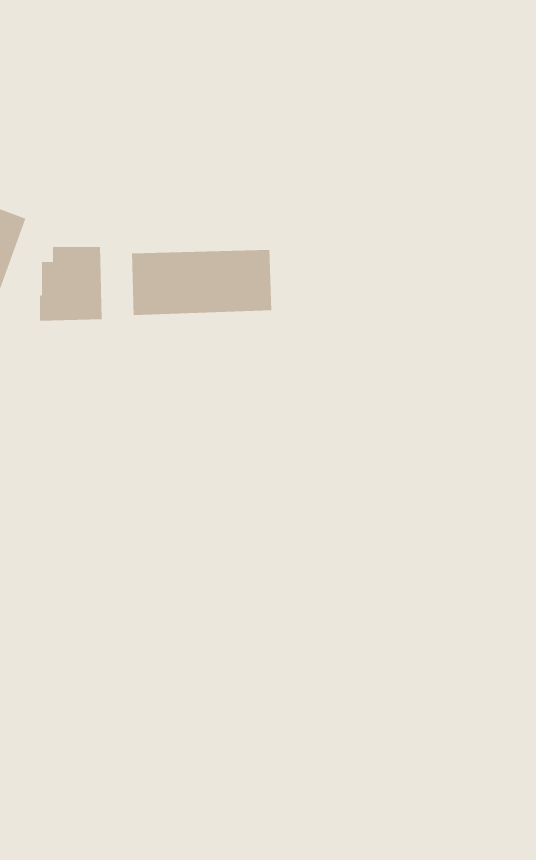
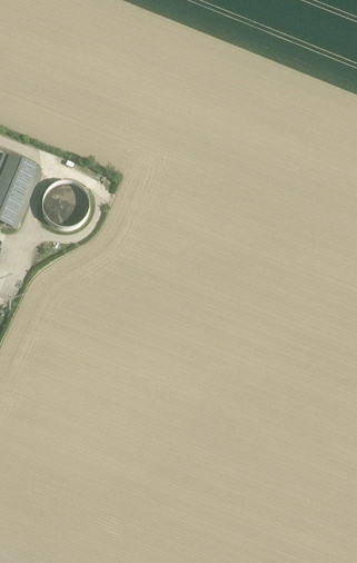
building: [132,249,272,316] -> none

